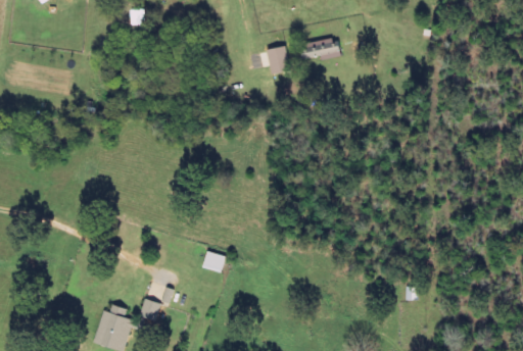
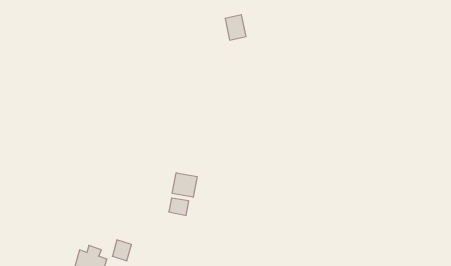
building: [298,36,339,59] -> none
building: none -> [172,173,197,197]

